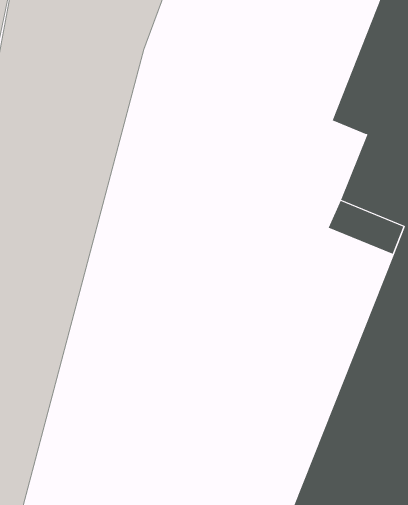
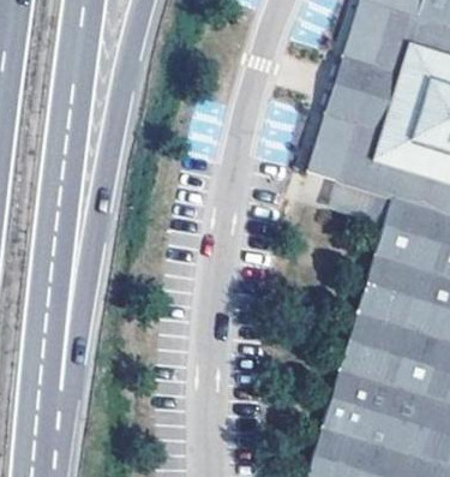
building: none -> [307,115,355,181]

